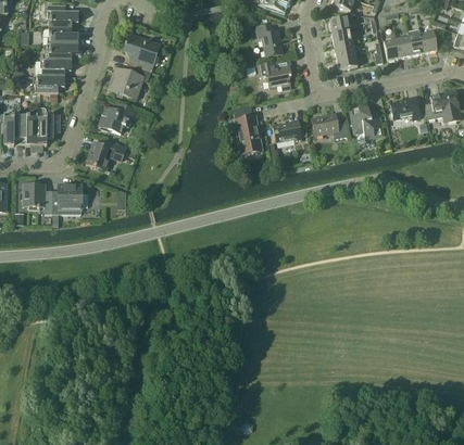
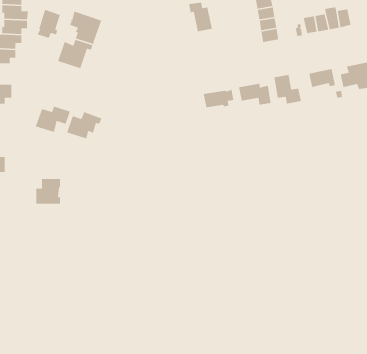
building: none -> [36,9,61,39]
building: [259,61,291,89] -> none
building: [99,101,139,132] -> [66,111,102,140]
building: [234,104,263,154] -> none
building: [53,183,81,213] -> [35,178,61,204]

